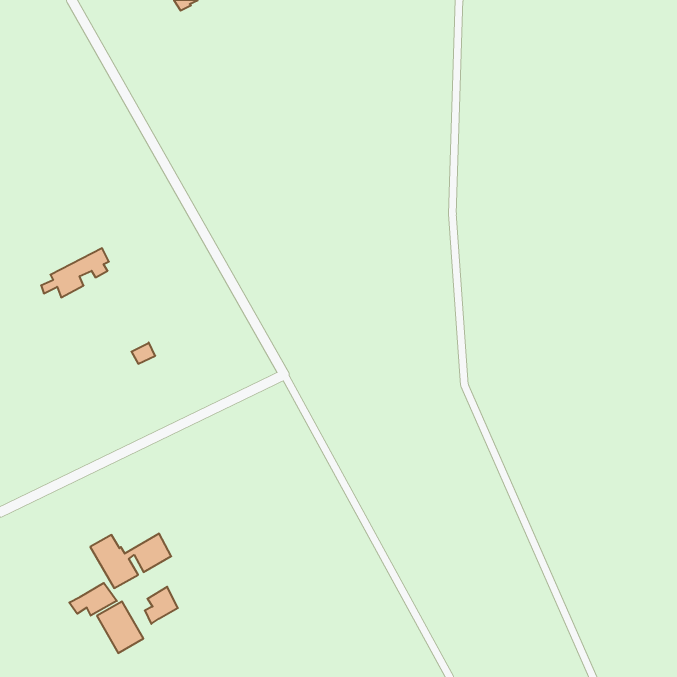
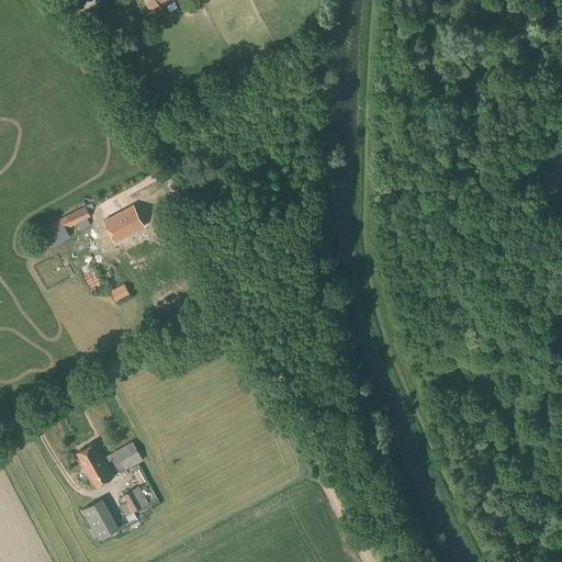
building: none -> [102,206,144,243]
building: [69,583,117,616] -> none

